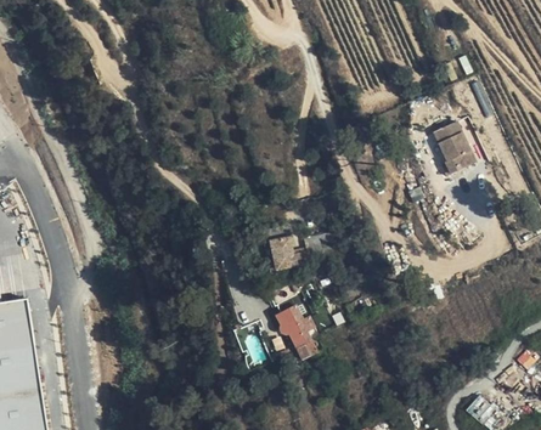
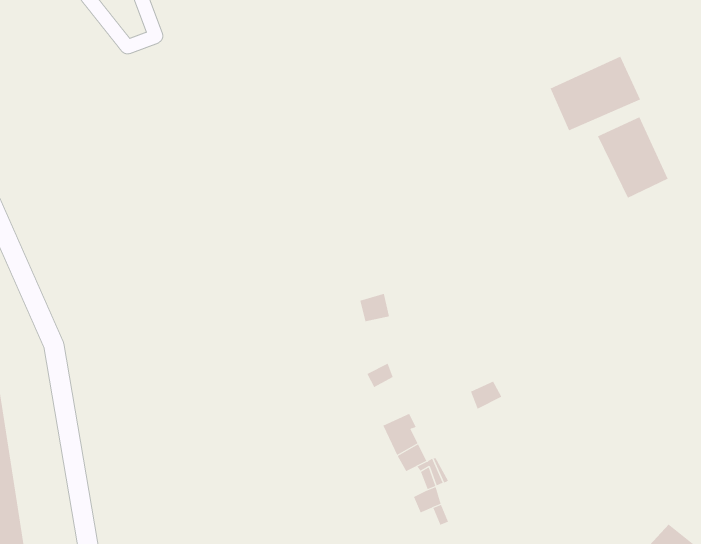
building: none -> [550,56,641,131]

